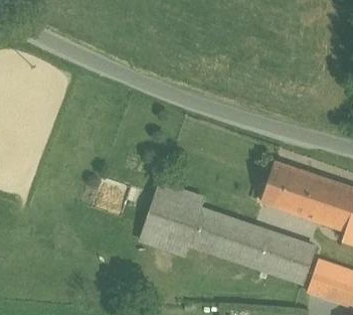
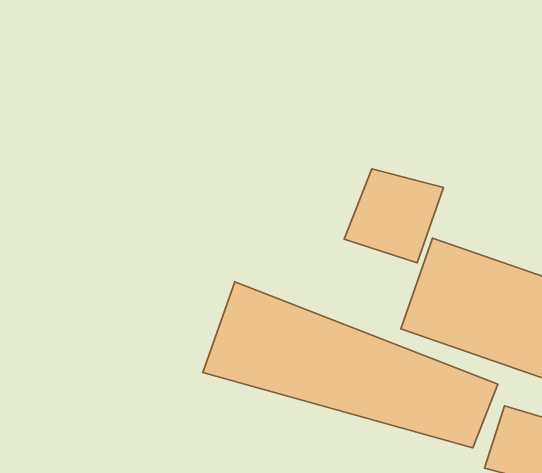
building: none -> [344,169,444,263]

